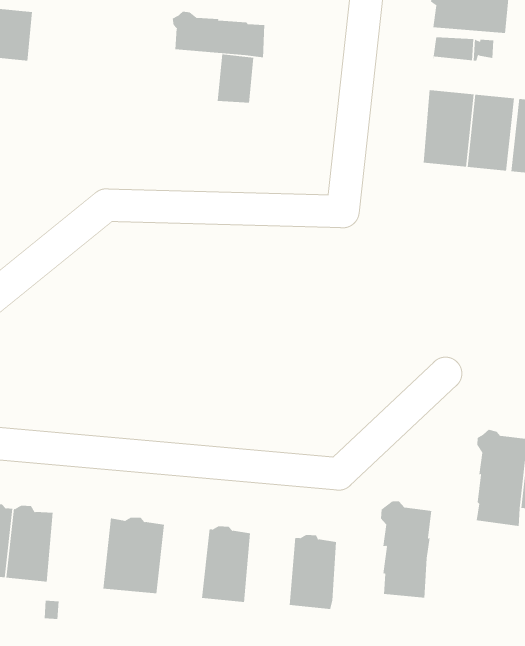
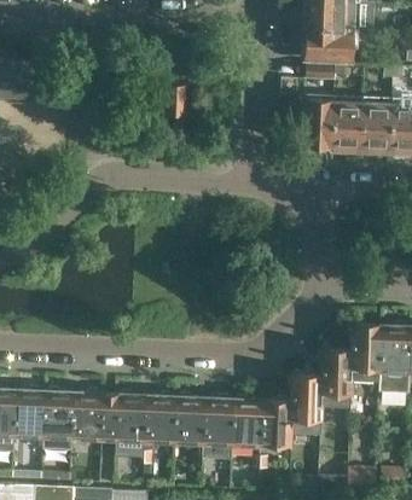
building: [172,11,265,58] -> none
building: none -> [318,347,352,409]
building: none -> [71,391,110,441]
building: none -> [144,394,175,443]
building: none -> [202,396,232,444]
building: none -> [259,399,292,447]

